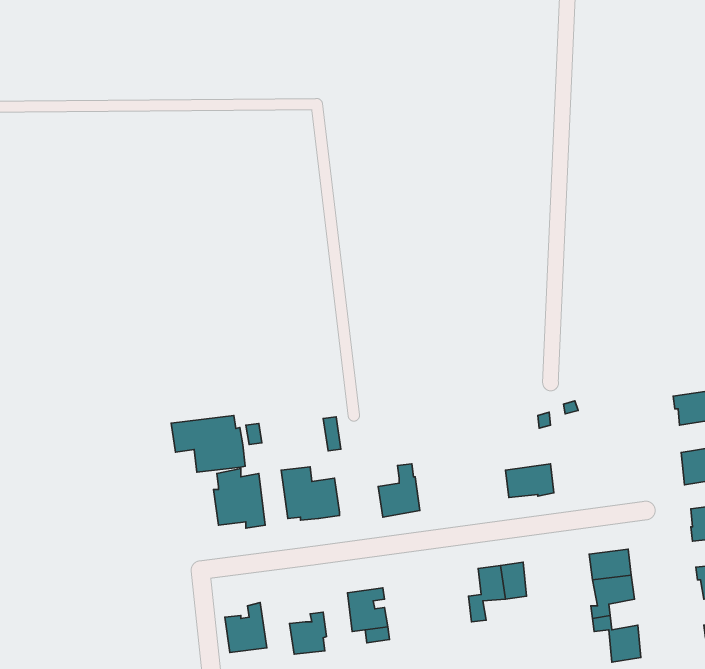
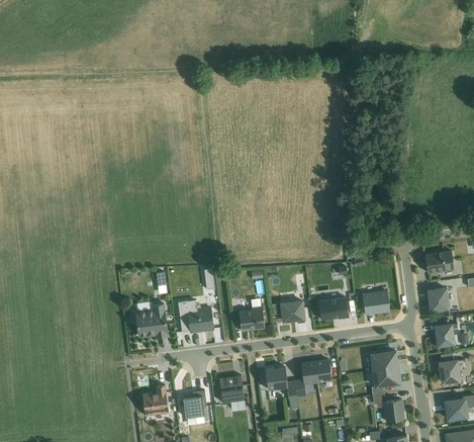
building: [171,415,245,472] -> none
building: none -> [363,290,390,314]
building: none -> [281,299,305,323]
building: none -> [265,366,298,408]

